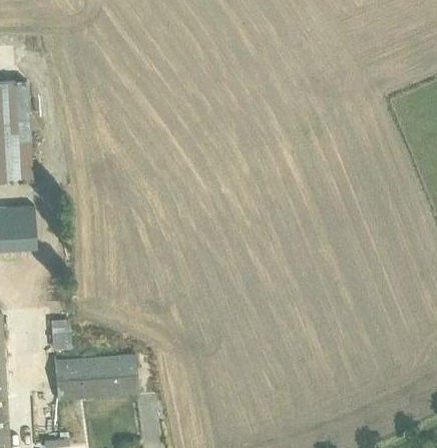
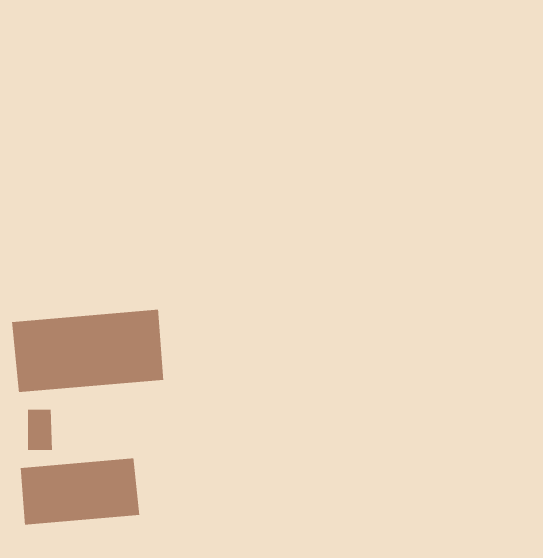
building: none -> [12,309,164,393]

